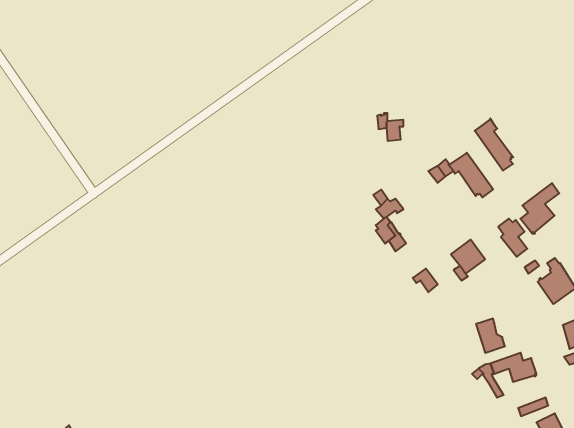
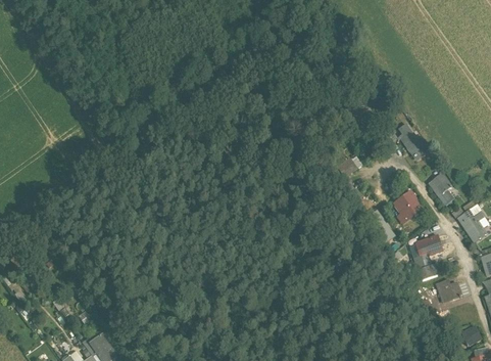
building: [475,118,513,171] -> none
building: [520,183,559,234] -> none
building: none -> [413,235,442,256]

